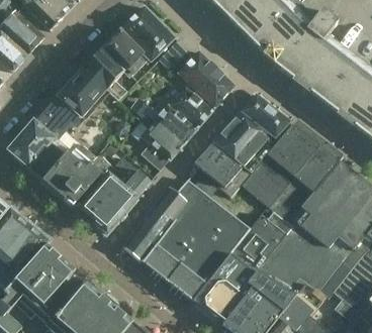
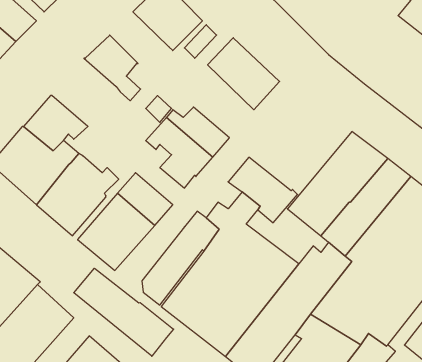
building: [104,29,149,80] -> none
building: [57,66,110,119] -> none
building: [171,86,213,126] -> none
building: [214,94,289,170] -> none
building: none -> [74,268,174,356]

